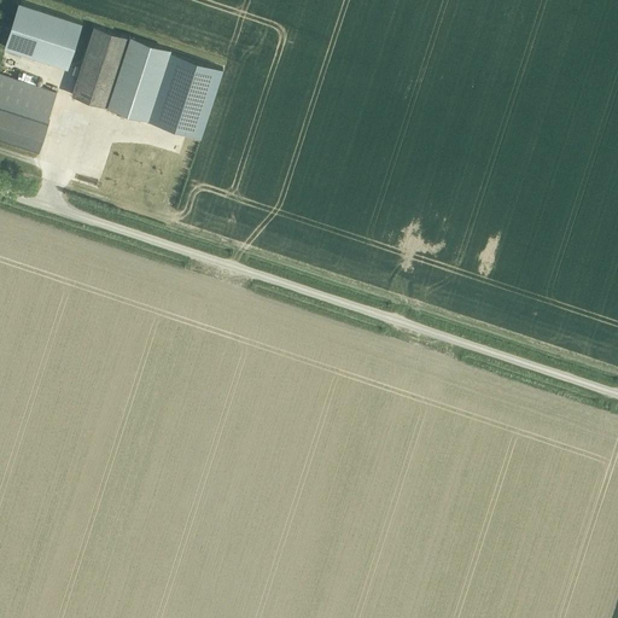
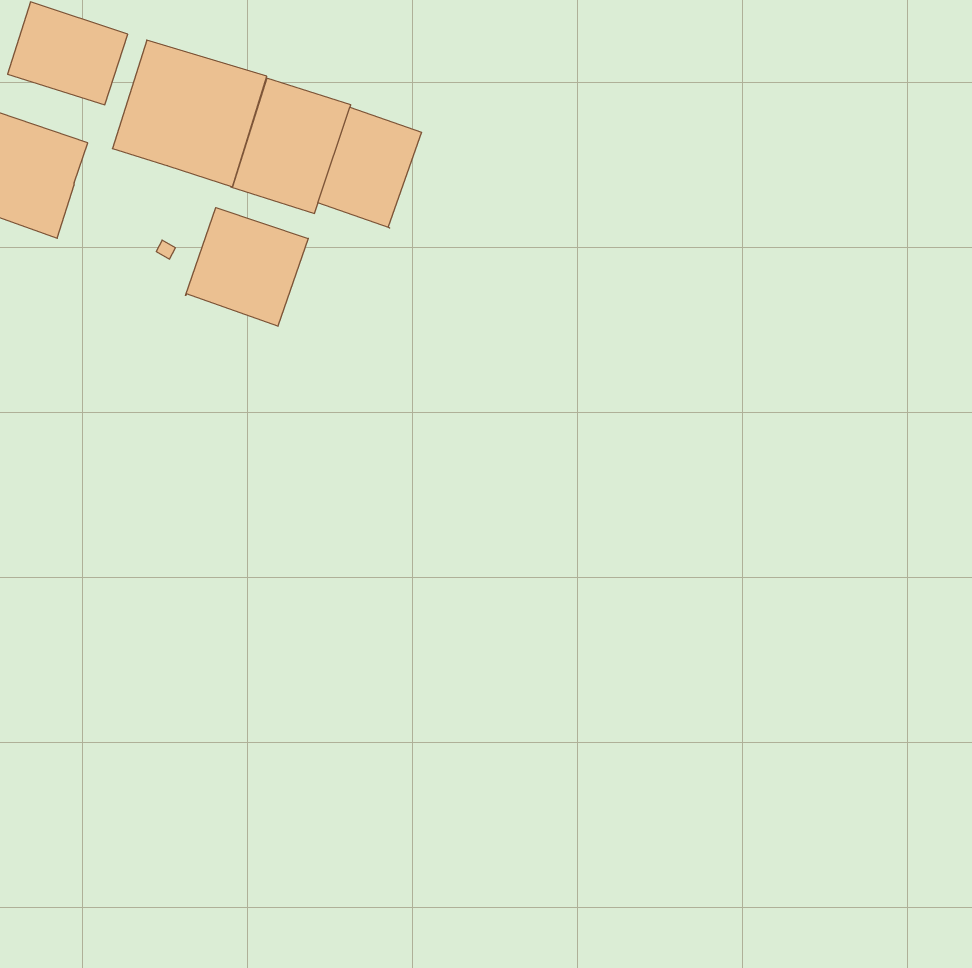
building: none -> [318,107,421,228]
building: none -> [185,208,308,326]

